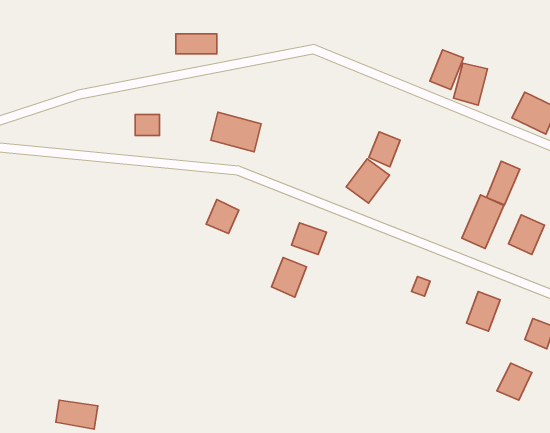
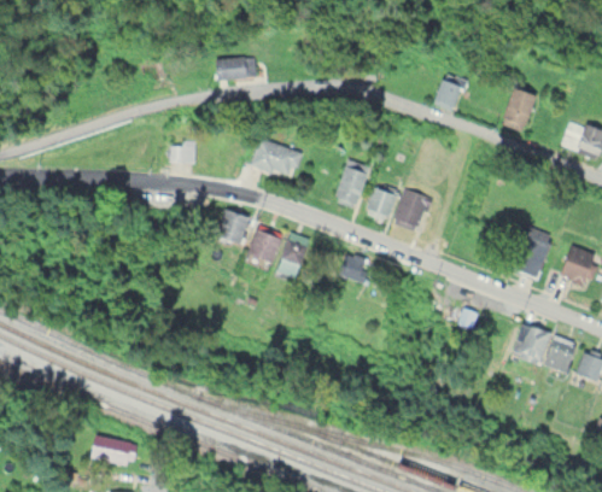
building: [430,50,464,89] -> [433,71,468,112]
building: [369,132,400,167] -> [364,186,397,222]
building: none -> [333,165,368,207]
building: [487,161,520,205] -> none
building: none -> [214,209,250,247]
building: [271,258,306,297] -> [276,235,312,276]
building: [497,363,532,400] -> [540,335,577,374]

